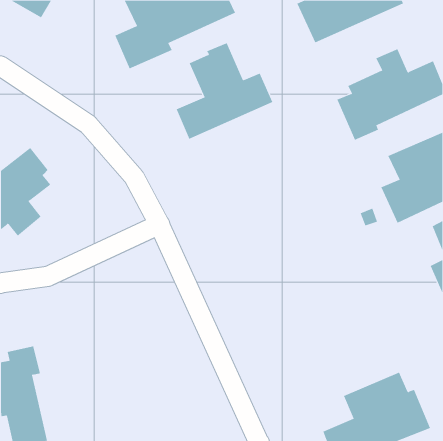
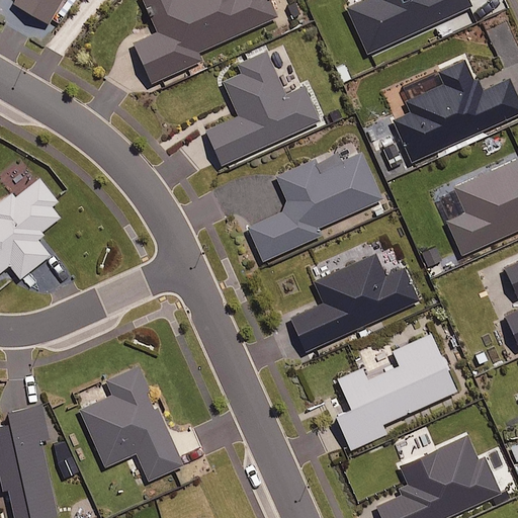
building: none -> [247,153,381,261]
building: none -> [290,243,417,350]
building: none -> [332,334,456,450]
building: none -> [80,367,182,481]

